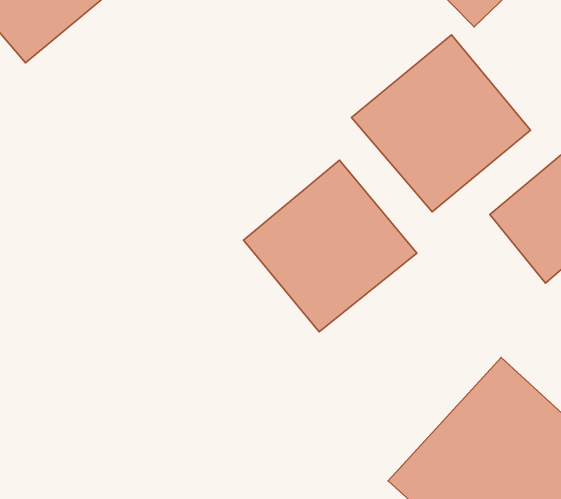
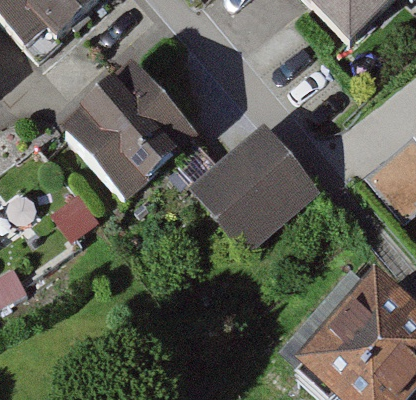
building: [352,35,530,212] -> none
building: none -> [67,64,204,200]

